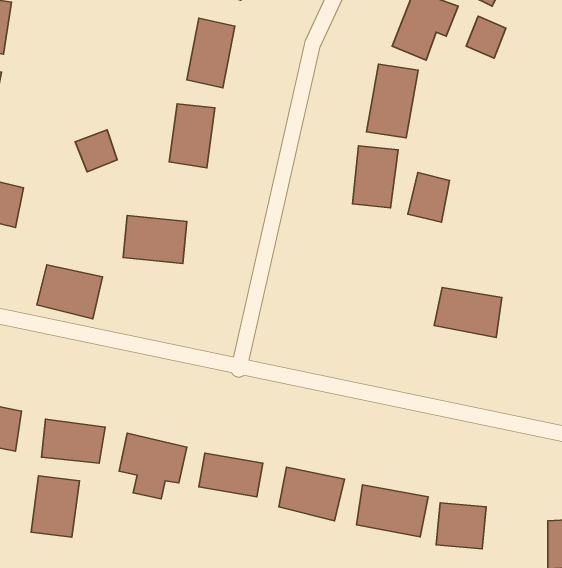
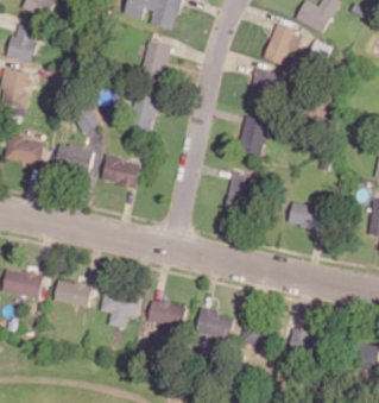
building: [408,172,450,222] -> [228,171,253,201]
building: [37,265,103,319] -> [55,144,94,176]
building: [31,476,80,537] -> none

